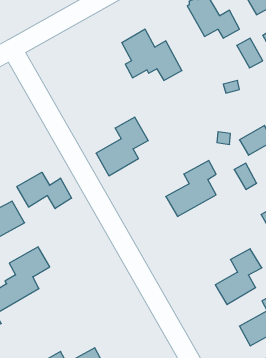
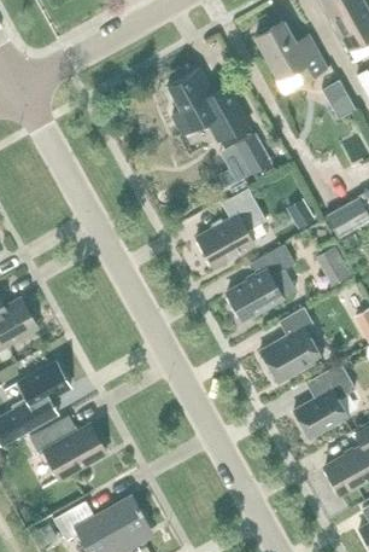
building: none -> [224,133,269,179]
building: [96,117,148,176] -> [197,188,266,267]
building: [17,172,72,209] -> none
building: none -> [259,306,322,382]
building: none -> [30,414,102,478]

